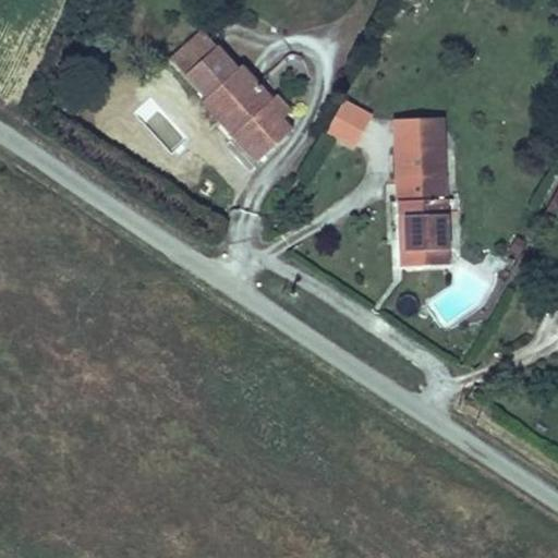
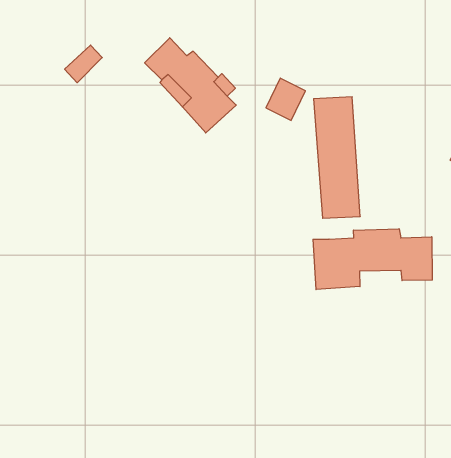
building: [170,31,216,76] -> [65,45,102,83]
building: none -> [313,229,432,290]

